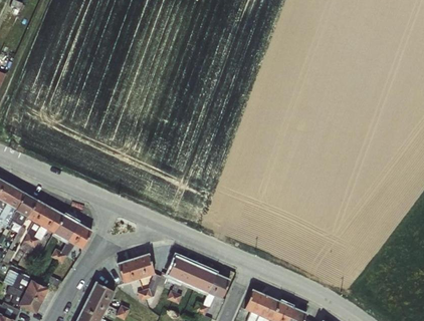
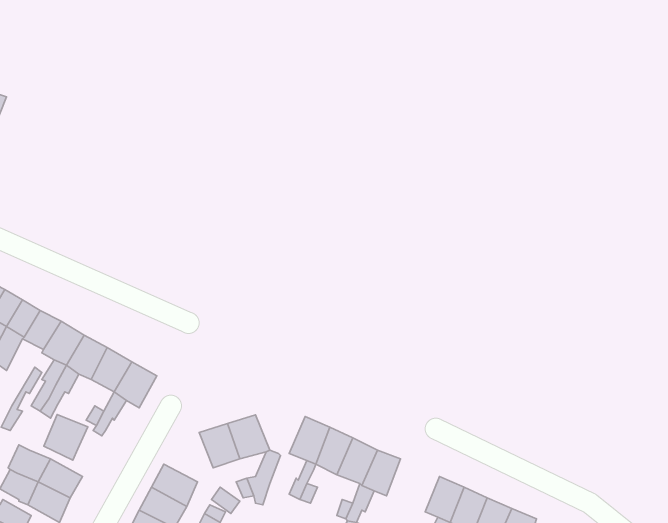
building: none -> [44,414,88,460]

